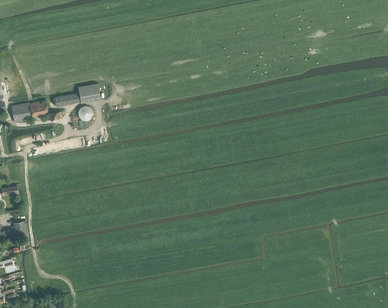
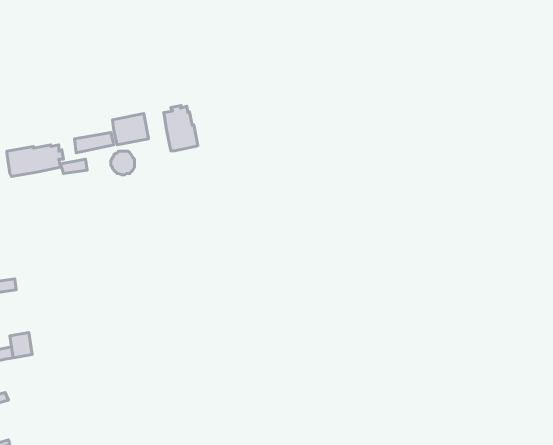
building: none -> [164,106,198,151]

